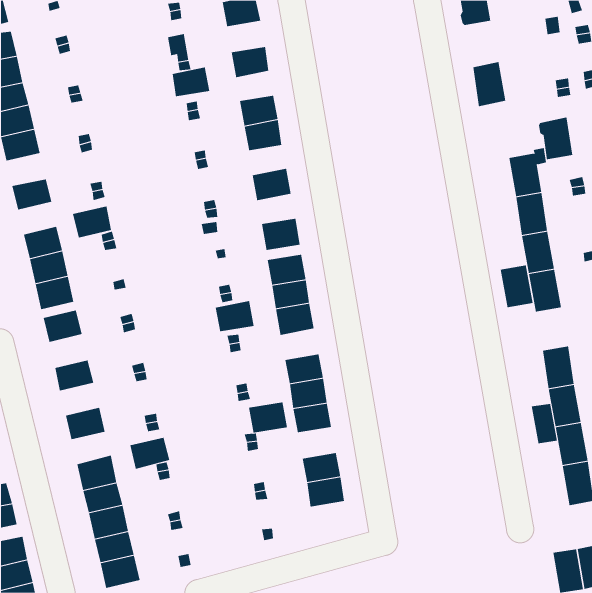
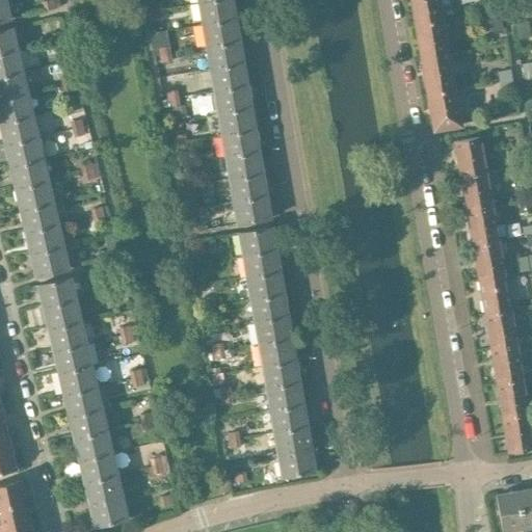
building: none -> [204,19,239,47]
building: none -> [417,19,448,60]
building: [172,67,210,97] -> [212,63,246,90]
building: [538,117,573,160] -> [428,90,459,129]
building: none -> [223,130,258,157]
building: none -> [6,137,43,166]
building: none -> [231,174,266,201]
building: [72,206,112,238] -> [17,181,52,210]
building: [500,265,533,308] -> [480,275,510,314]
building: [215,301,254,332] -> [251,294,287,322]
building: none -> [45,299,80,329]
building: none -> [54,343,90,372]
building: [248,402,288,433] -> [267,382,302,410]
building: [531,403,557,444] -> none
building: [129,437,170,470] -> [64,387,101,416]
building: none -> [278,449,314,477]

